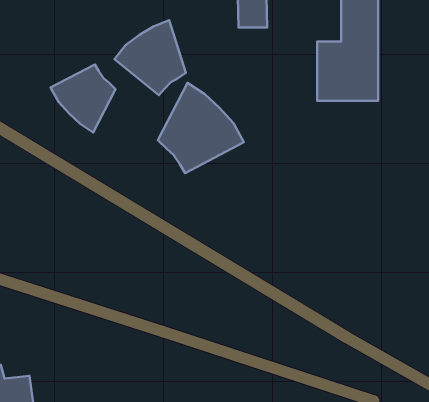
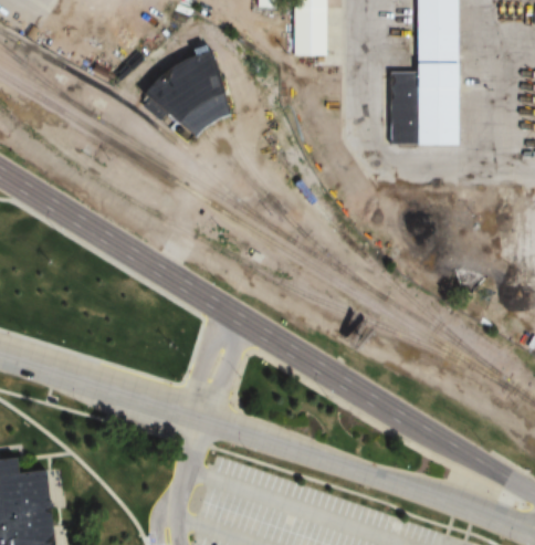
building: [51,64,115,132] -> none
building: [158,83,244,173] -> none

